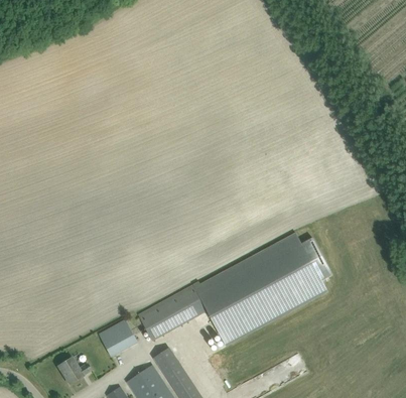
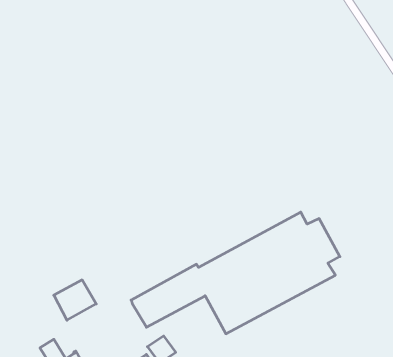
building: [99,319,138,357] -> [54,280,96,320]

